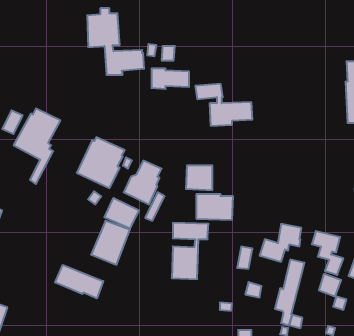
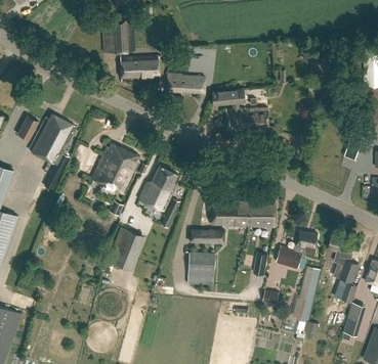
building: [186,165,212,190] -> [248,201,275,226]
building: [104,198,139,229] -> none
building: [55,265,103,298] -> none

